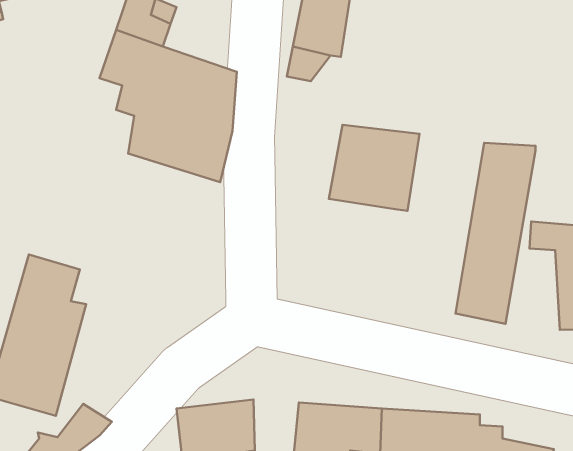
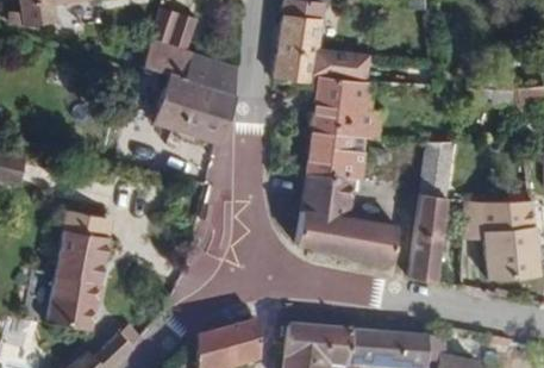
building: none -> [319,58,390,118]
building: none -> [299,168,396,254]

